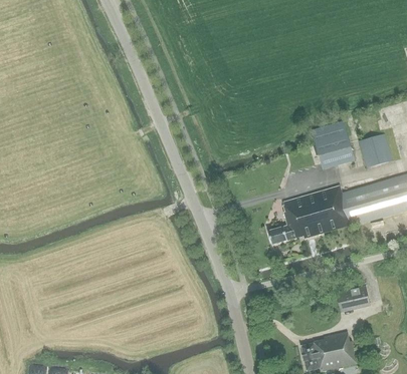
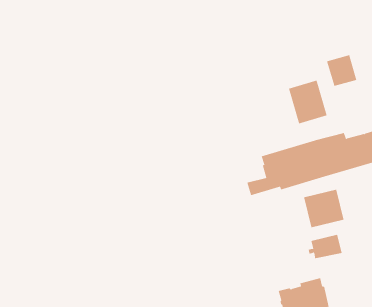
building: [359,132,392,166] -> [326,55,357,87]
building: none -> [303,189,344,228]

